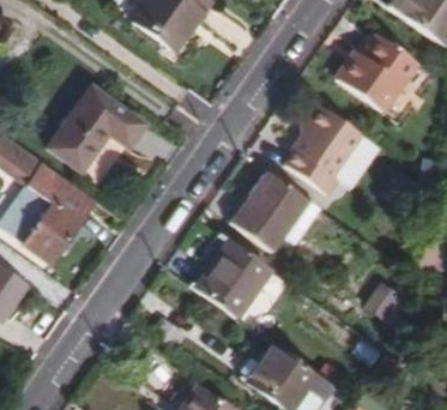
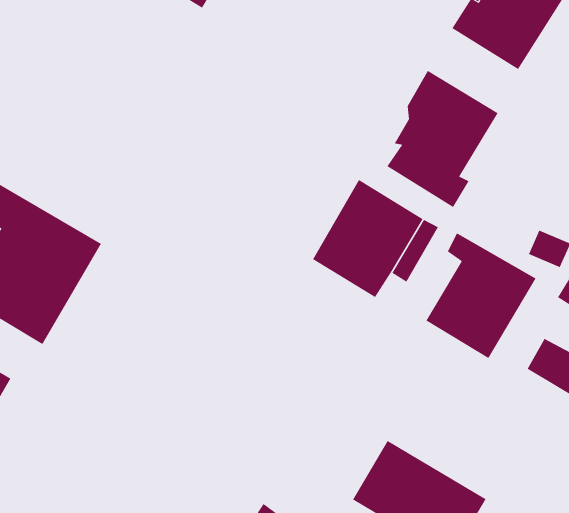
building: [49,88,143,171] -> none
building: [197,233,272,318] -> [426,232,537,359]

